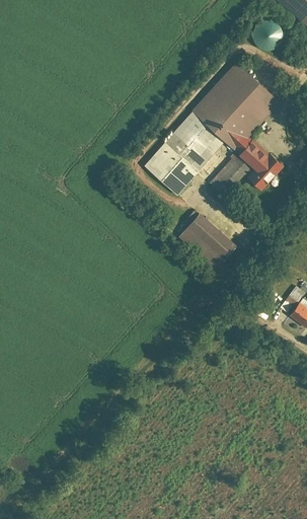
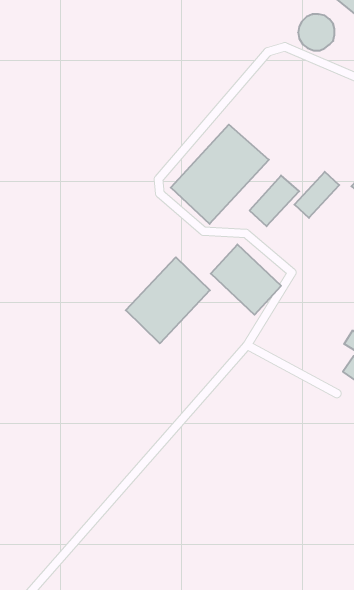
building: [194,62,280,148] -> none
building: [239,140,268,168] -> none
building: none -> [126,257,210,343]

